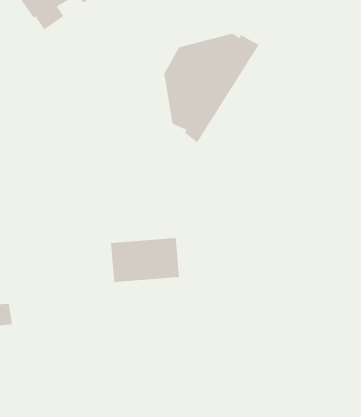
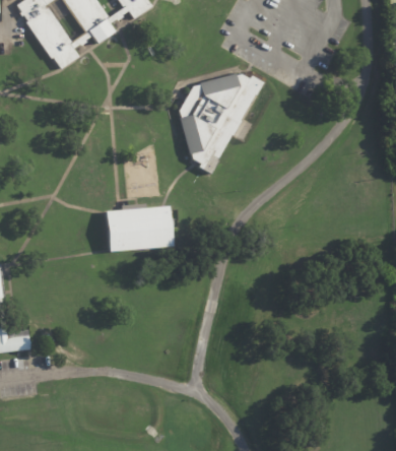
building: [110,238,180,282] -> [104,204,170,247]

